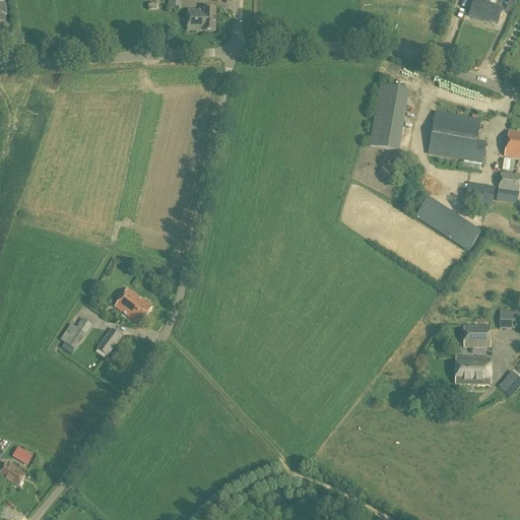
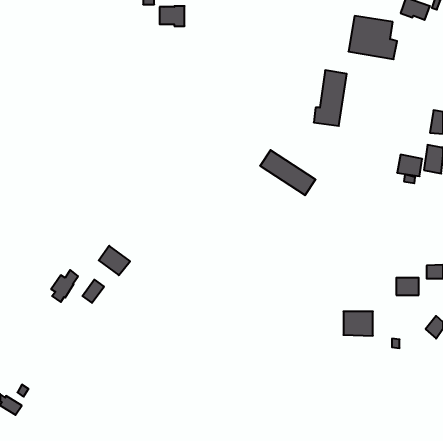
building: [429,111,485,161] -> [348,16,397,59]
building: [415,196,480,249] -> [260,150,316,195]
building: [456,355,491,384] -> [343,311,373,336]

